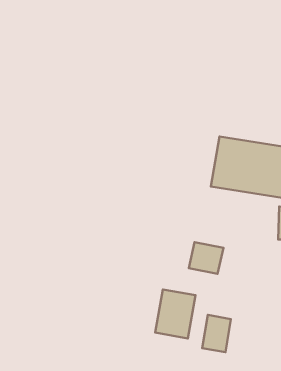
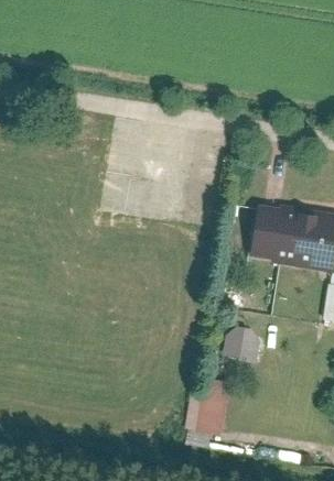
building: [202,315,231,352] -> none

